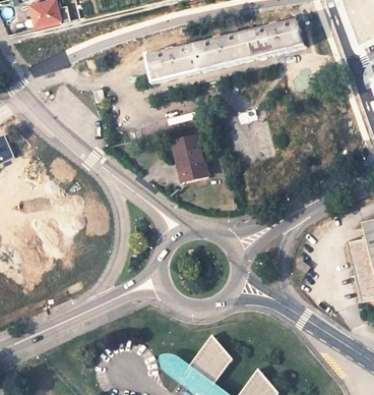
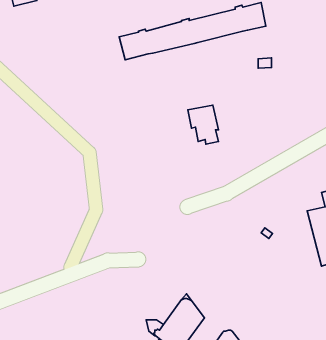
building: [172,138,204,180] -> [188,105,218,144]

